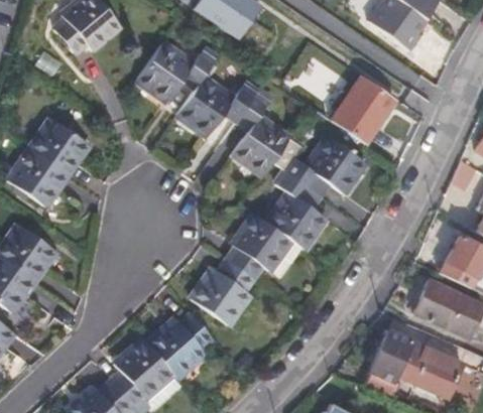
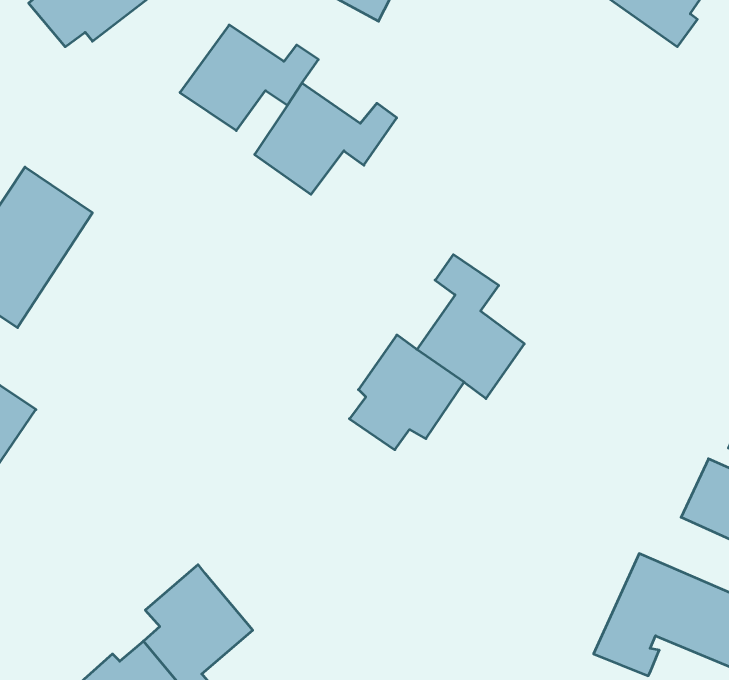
building: [341,83,406,150] -> none
building: [232,91,290,172] -> none
building: [286,133,364,188] -> none
building: [192,257,254,324] -> none
building: [149,311,215,378] -> none

